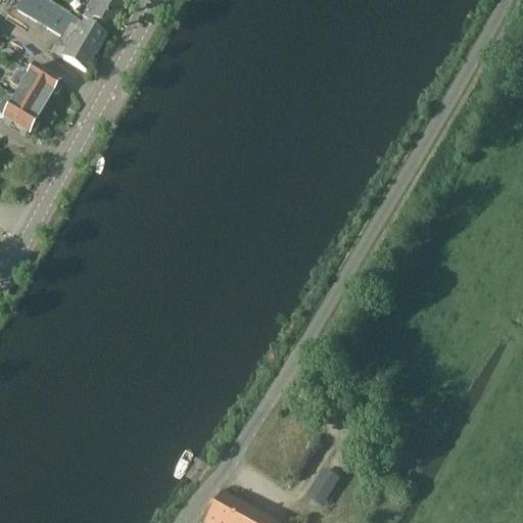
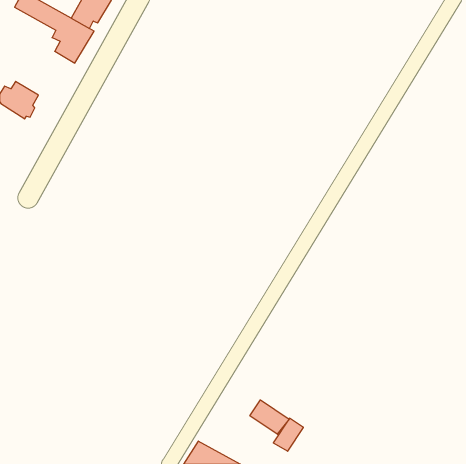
building: [7,64,60,106] -> none
building: none -> [250,400,289,434]

